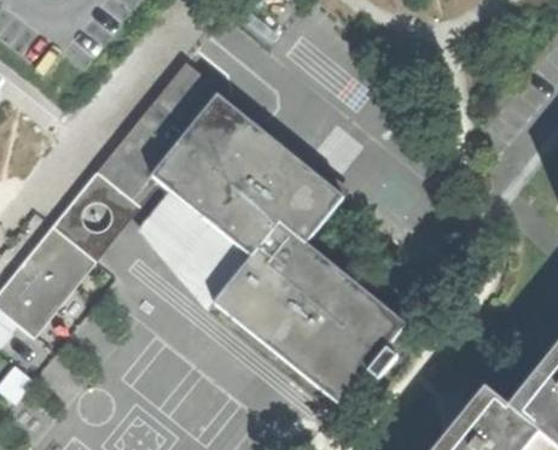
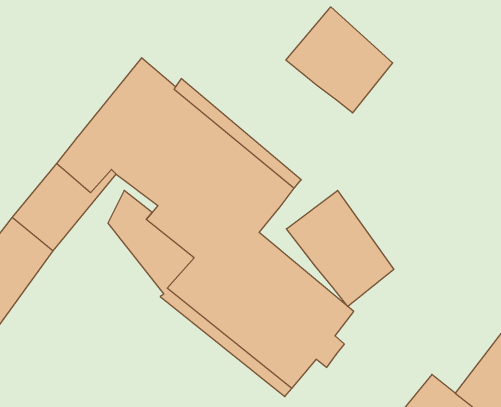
building: none -> [286,7,393,113]
building: none -> [286,190,394,307]

